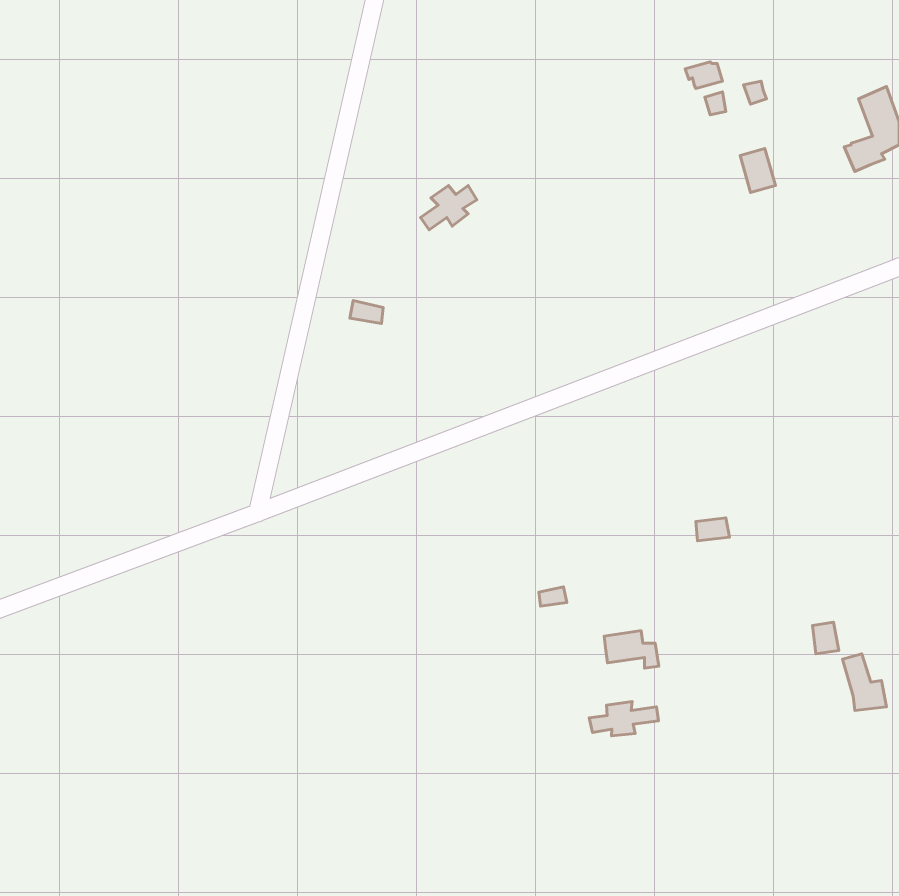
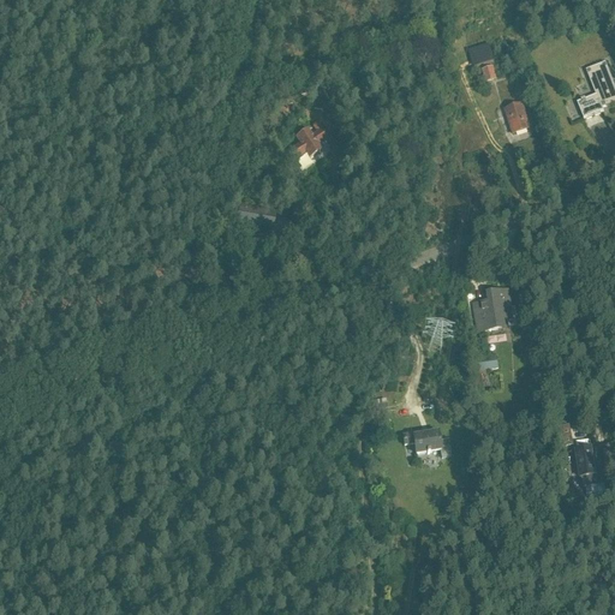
building: none -> [472,288,508,329]
building: [589,701,658,736] -> none

